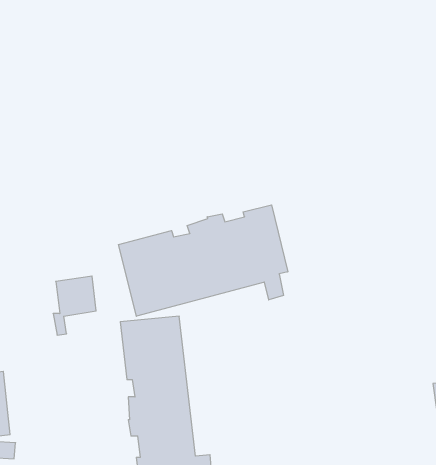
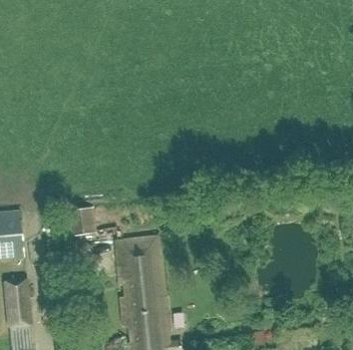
building: [119,205,288,316] -> none

